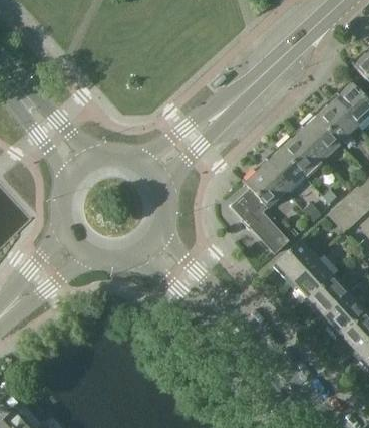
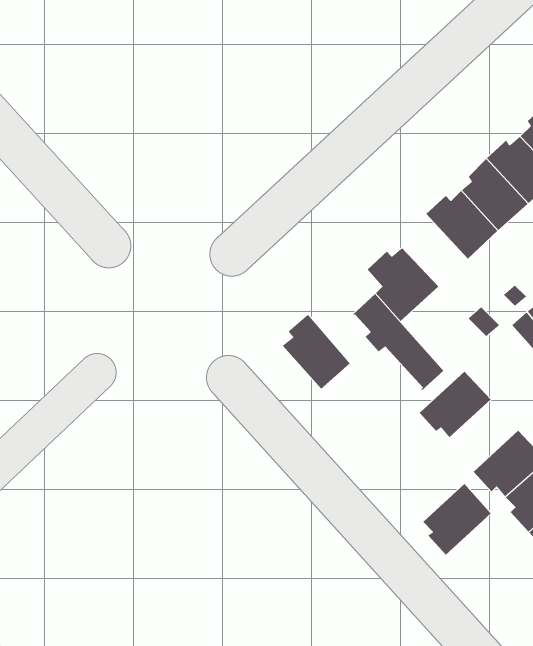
building: [264,147,303,190] -> none
building: none -> [282,314,351,390]
building: [292,257,333,300] -> [422,483,491,556]

